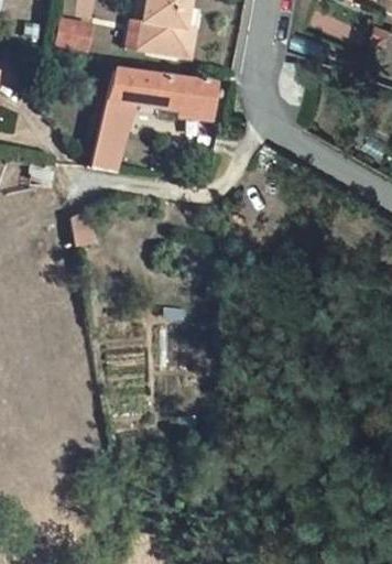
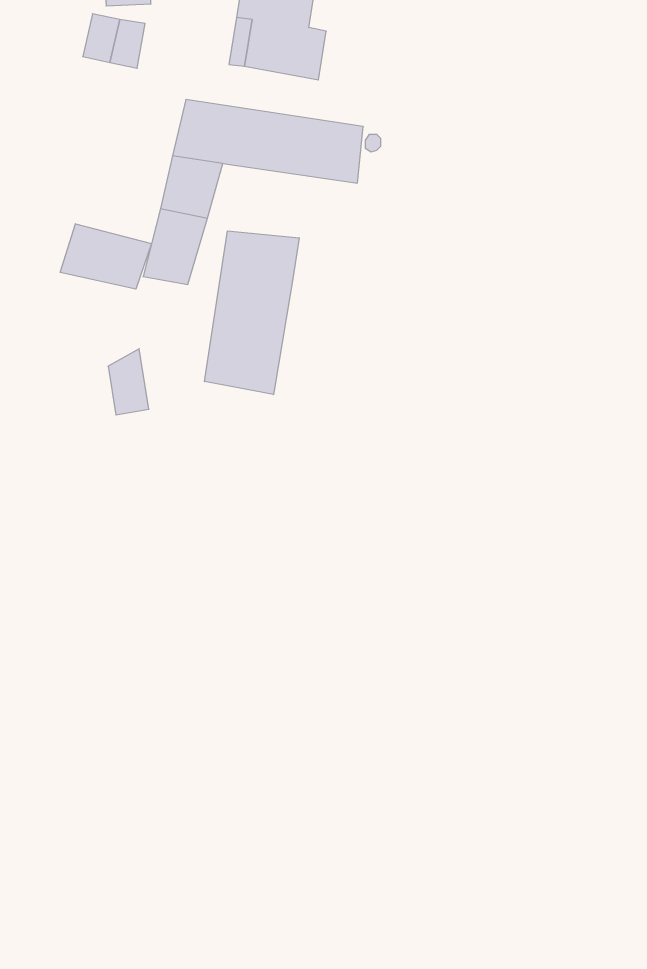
building: none -> [60,224,152,289]
building: none -> [204,231,299,395]

